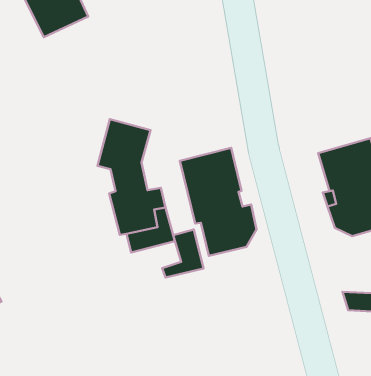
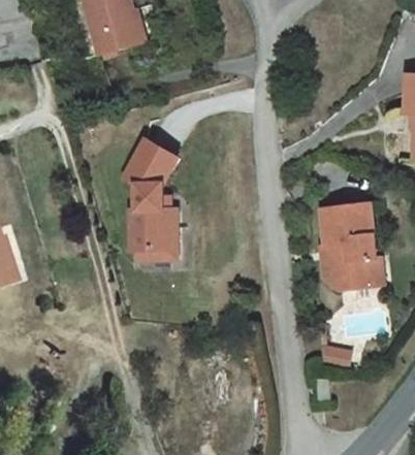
building: [180,148,256,256] -> none
building: [162,230,204,277] -> none

